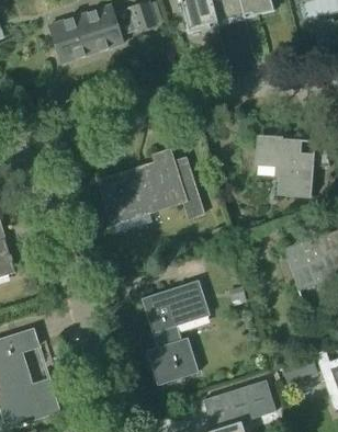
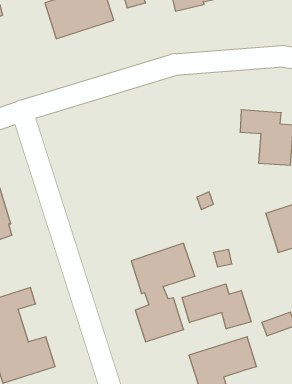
building: [98,150,203,223] -> none
building: none -> [182,284,251,329]

